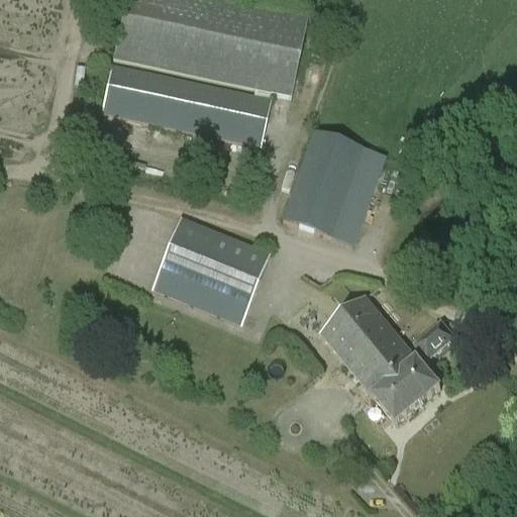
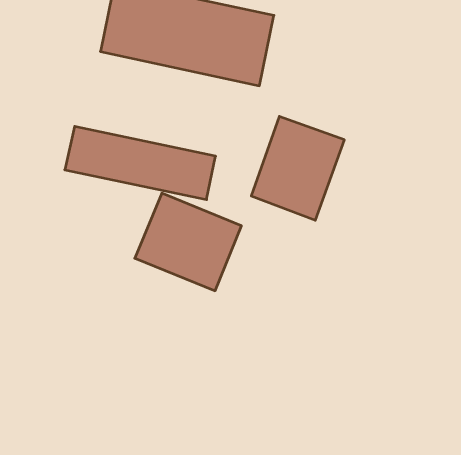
building: [100,64,269,145] -> [65,126,216,200]
building: [320,295,454,425] -> none

